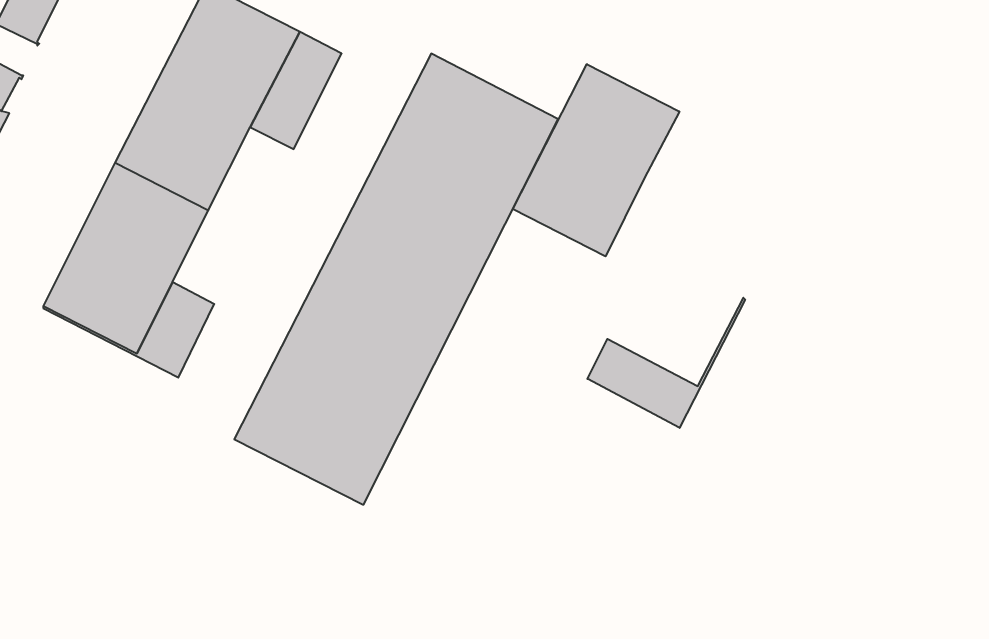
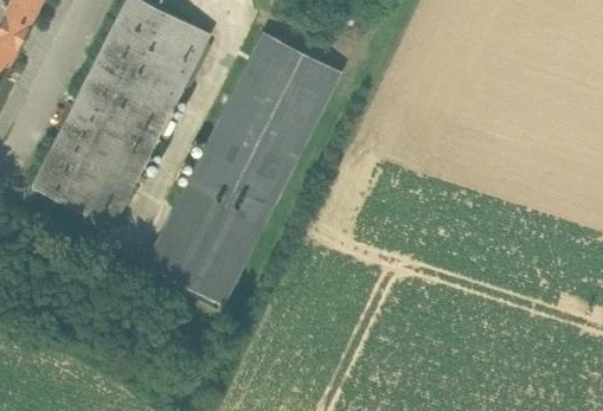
building: [513,64,679,256] -> none
building: none -> [110,77,182,182]
building: [587,298,745,428] -> none

